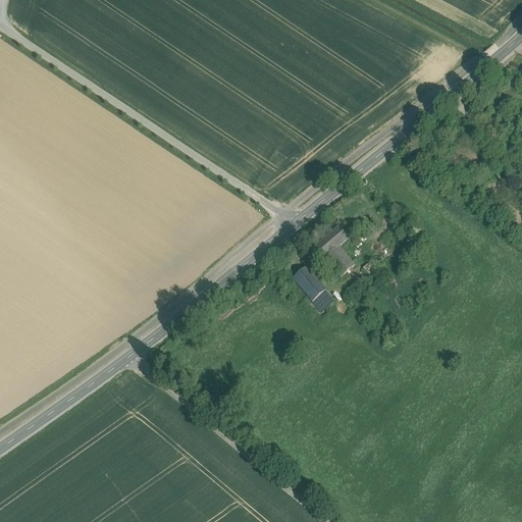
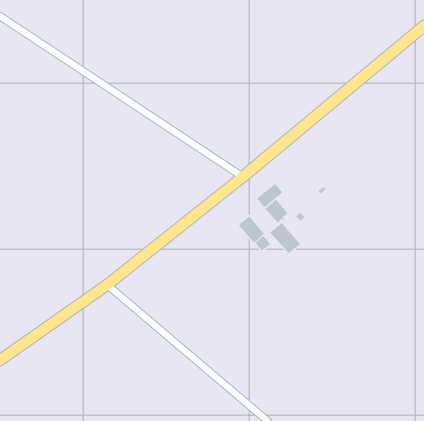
building: none -> [269,222,301,254]

